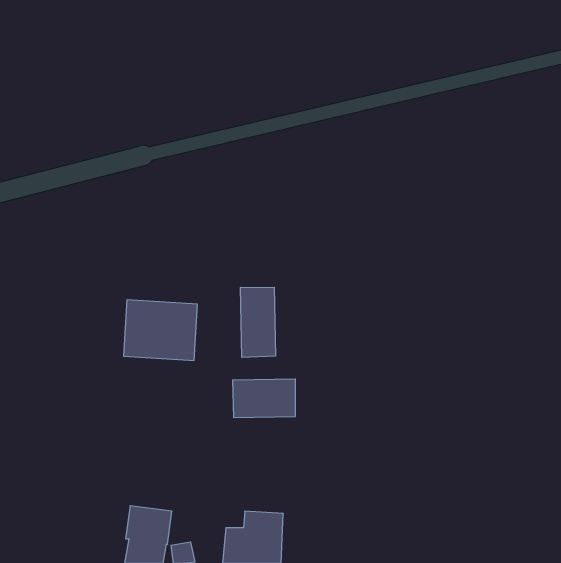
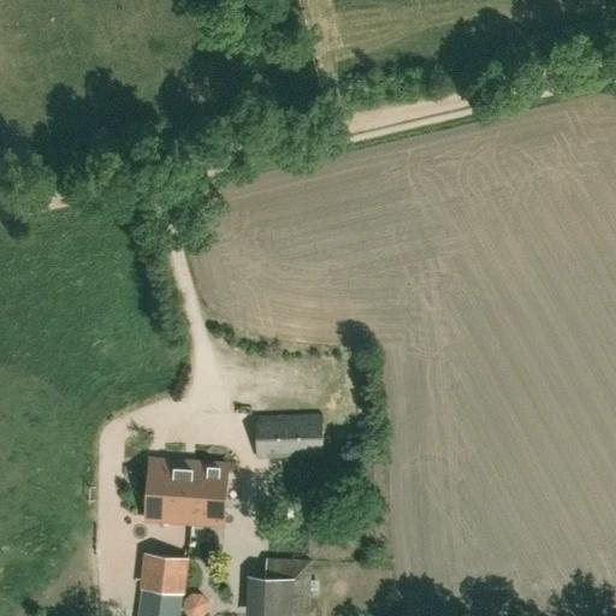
building: [241,287,275,357] -> none
building: [124,300,197,360] -> [144,458,225,525]

